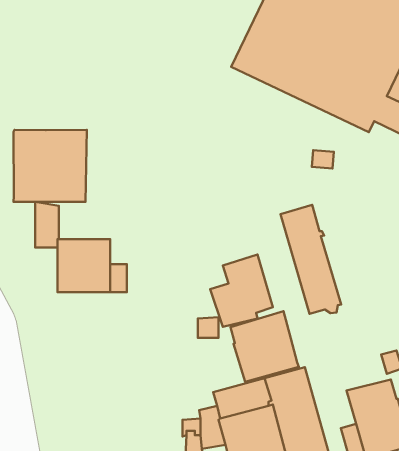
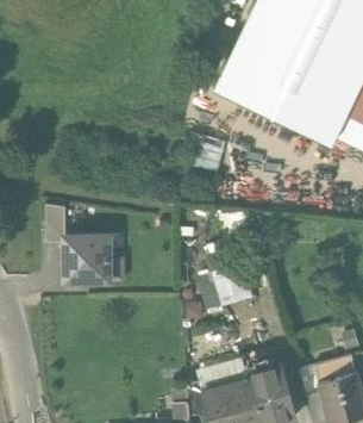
building: [13,130,87,202] -> none
building: [281,205,341,314] -> none
building: [231,311,299,382] -> none

